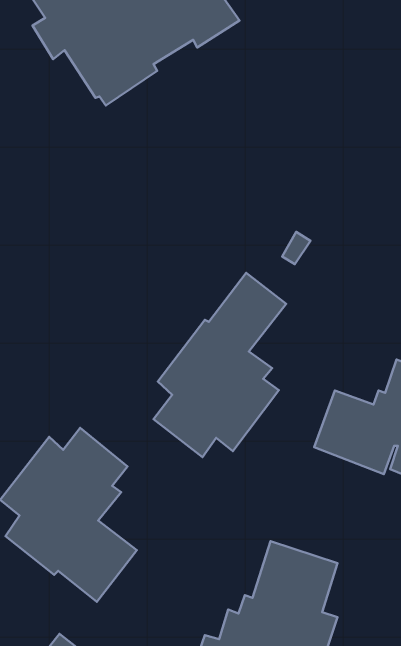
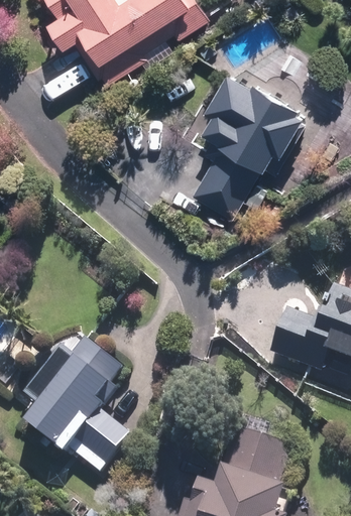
building: none -> [189,71,304,220]
building: [153,273,286,457] -> none

